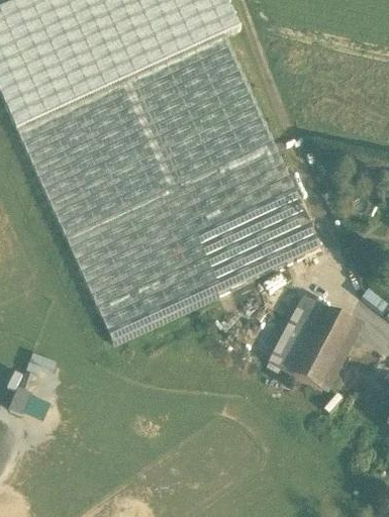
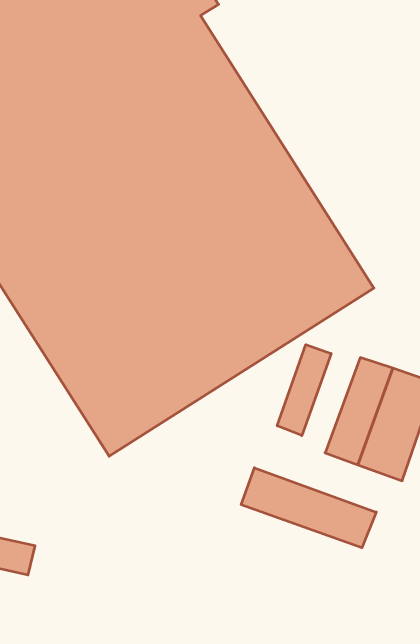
building: none -> [277,345,331,436]
building: none -> [241,468,376,548]

